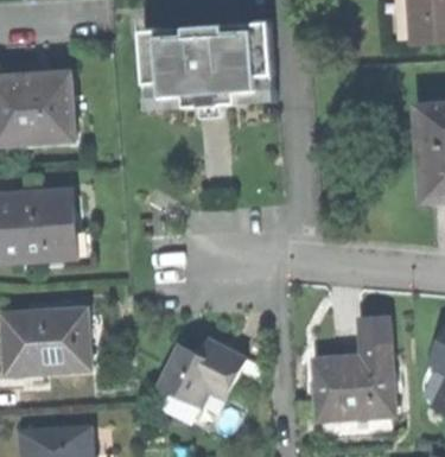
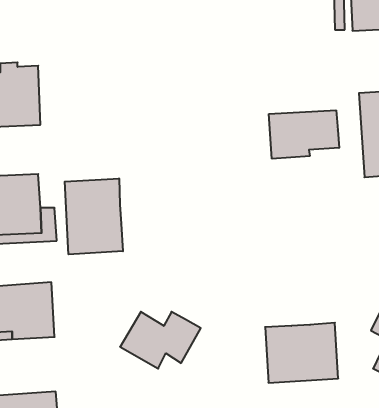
building: [139,21,273,107] -> none
building: none -> [269,110,339,159]
building: none -> [65,178,123,254]
building: [362,315,392,356] -> none

